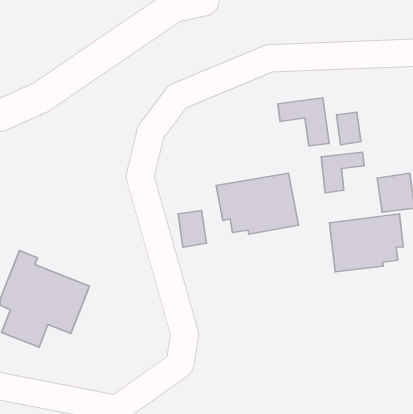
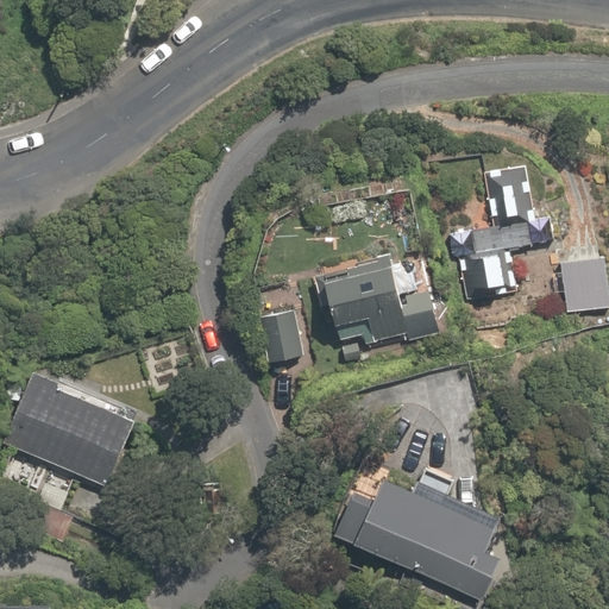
building: [278,98,329,146] -> none
building: [330,214,403,272] -> none
building: none -> [329,469,495,595]

